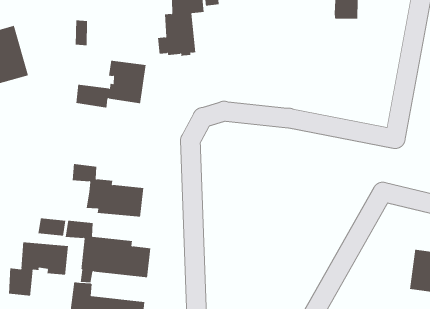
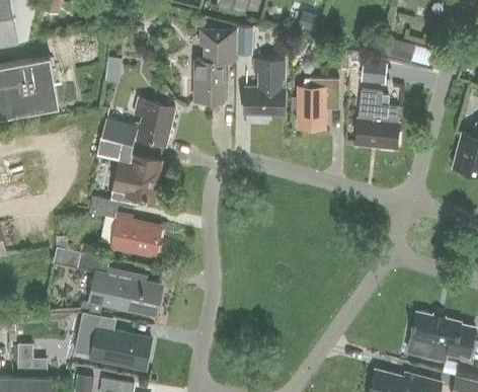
building: none -> [244,61,286,120]
building: none -> [298,79,340,130]
building: none -> [356,91,400,149]
building: none -> [97,139,162,205]
building: [8,241,68,296] -> none

